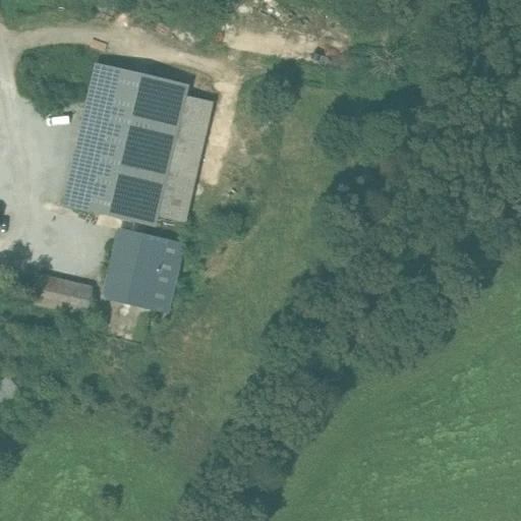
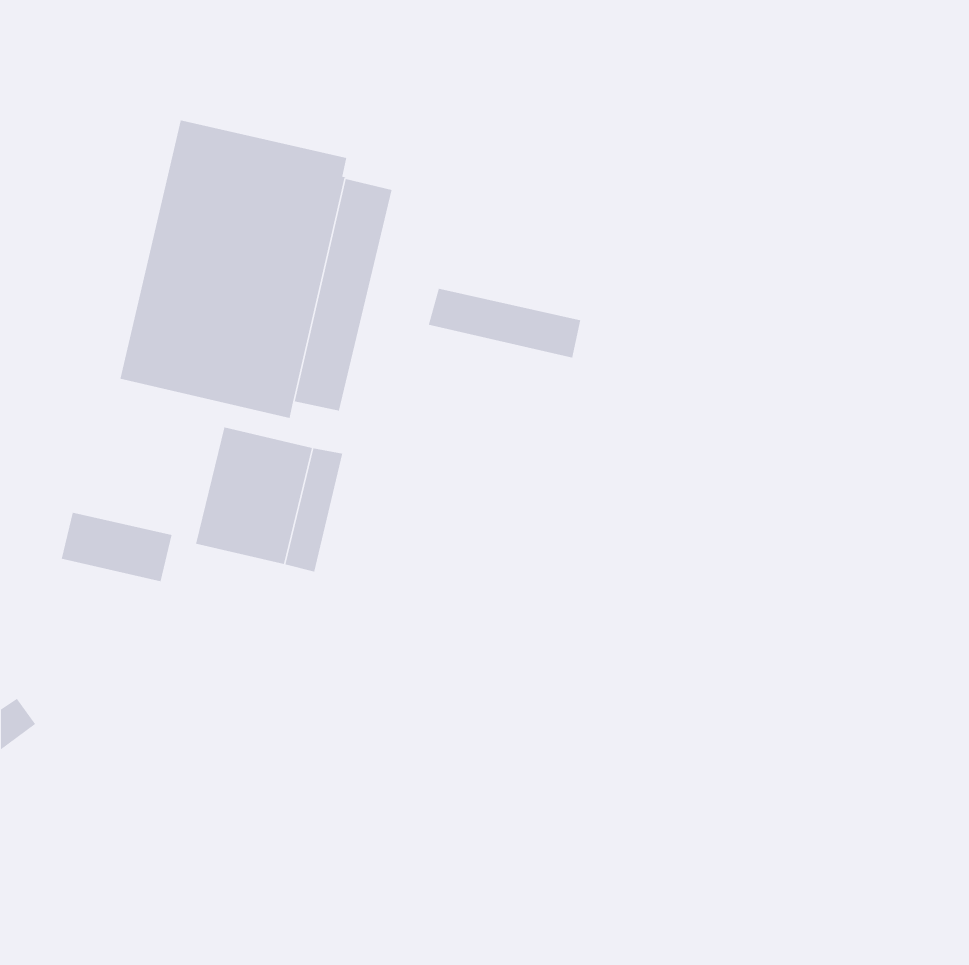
building: none -> [428,288,581,358]

